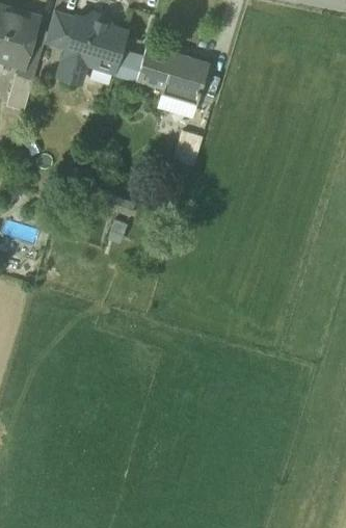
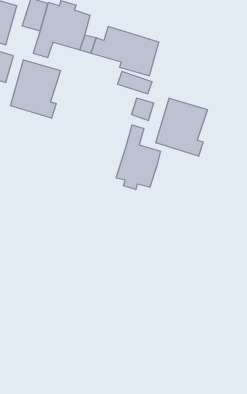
building: none -> [10,60,61,118]
building: none -> [156,98,207,156]
building: none -> [117,125,160,190]

